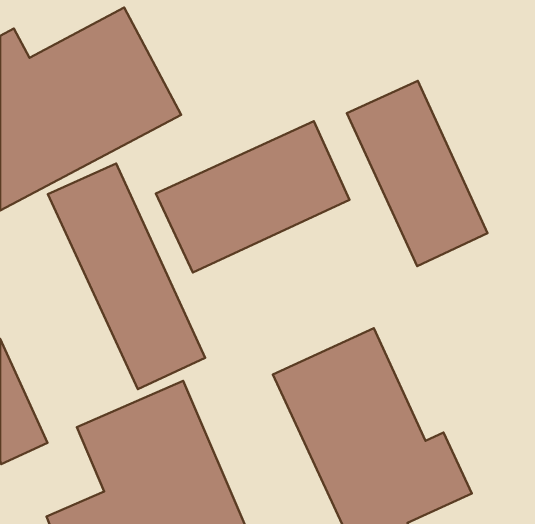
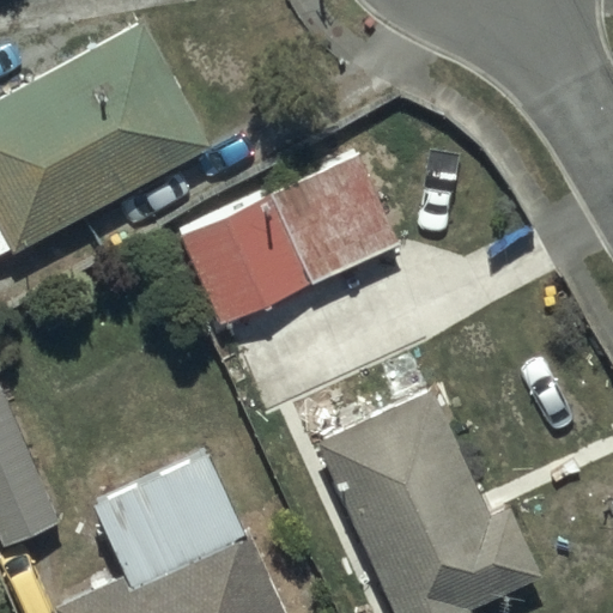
building: [347,81,488,266] -> none
building: [48,164,205,389] -> none

